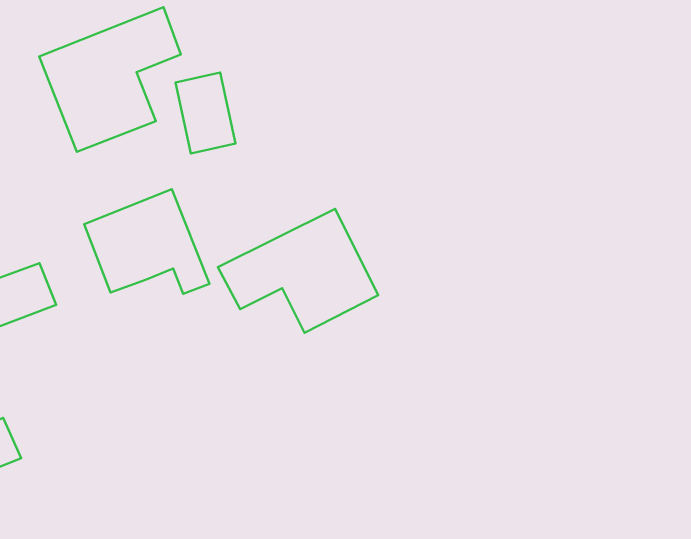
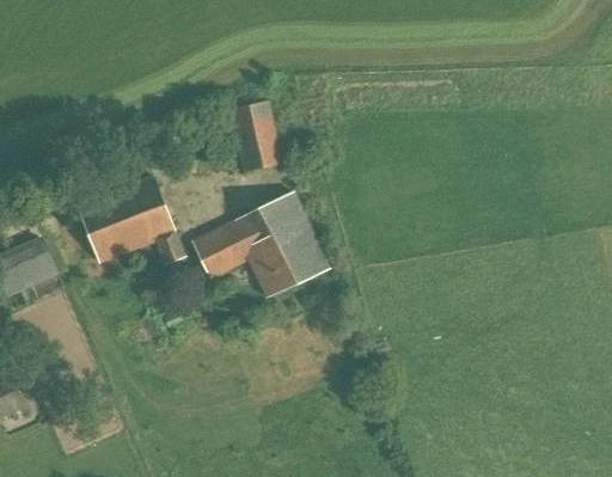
building: [39,7,181,152] -> none
building: [176,73,235,153] -> [230,100,281,170]

